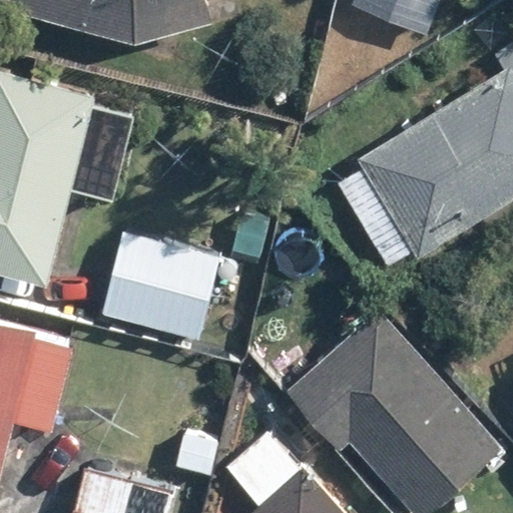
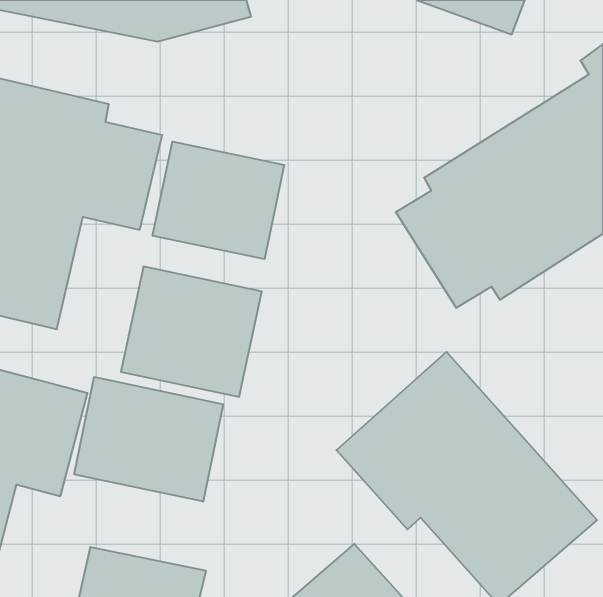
building: none -> [153,142,284,259]
building: none -> [74,377,223,502]

